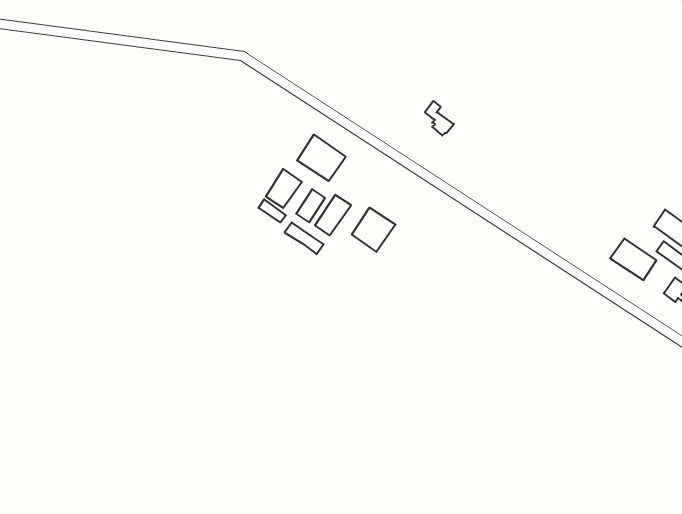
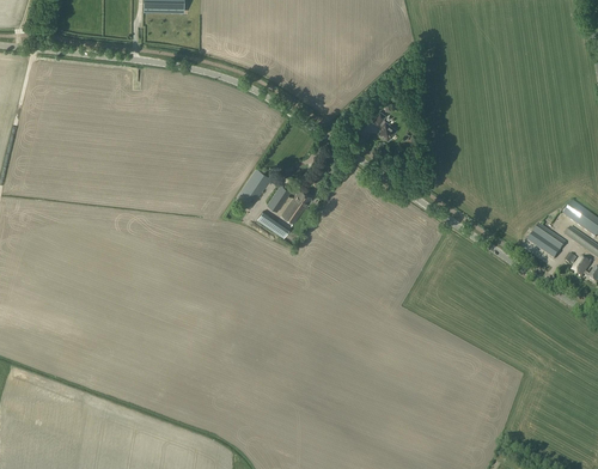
building: [297,135,346,181] -> none
building: [352,208,396,252] -> none

